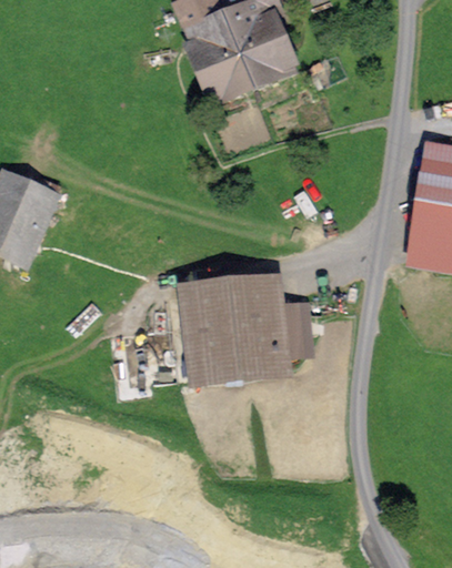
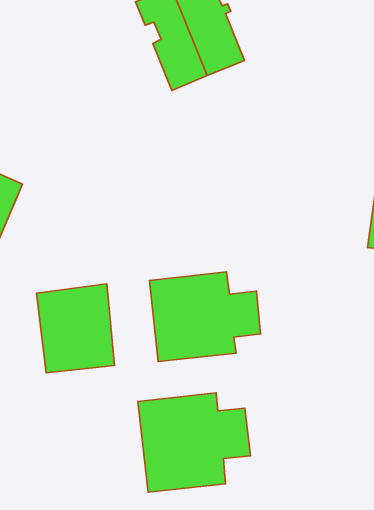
building: none -> [37,284,114,373]
building: none -> [138,393,251,492]

